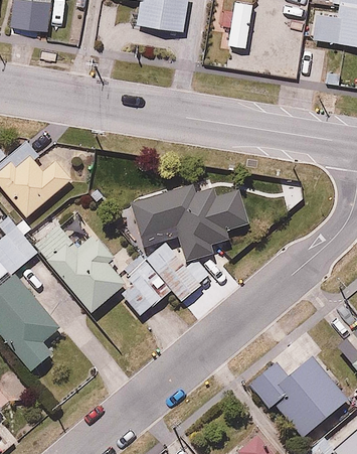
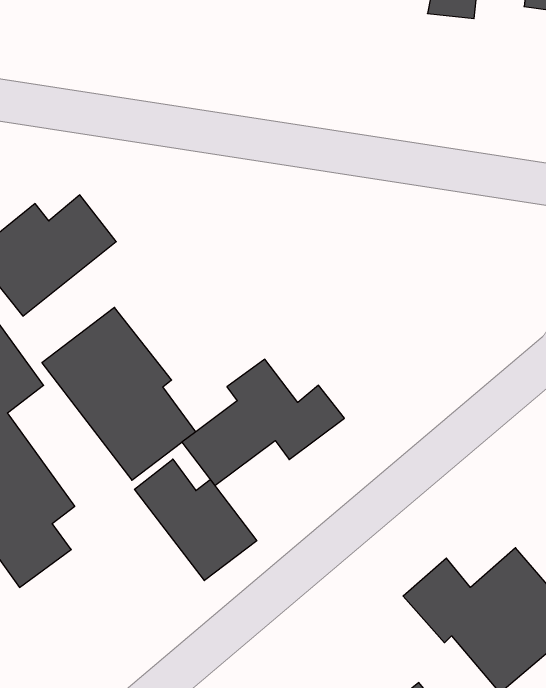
building: [130,184,247,263] -> none
building: none -> [135,459,257,581]

